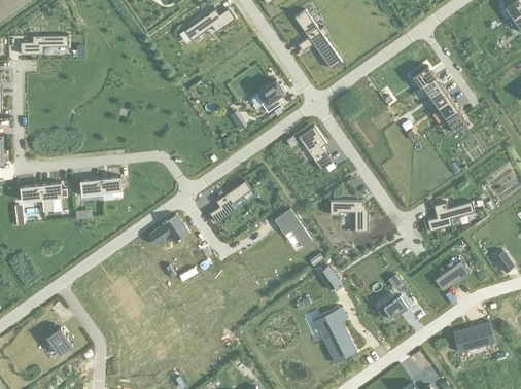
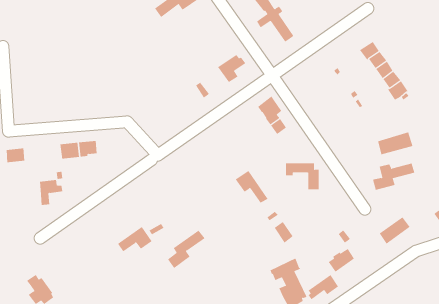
building: [20,34,68,54] -> none
building: none -> [377,132,413,155]
building: [209,179,251,222] -> [167,230,205,269]
building: [40,181,67,210] -> [39,179,63,206]
building: [148,214,187,243] -> [117,226,152,252]
building: [452,321,494,351] -> none
building: none -> [308,274,339,300]

